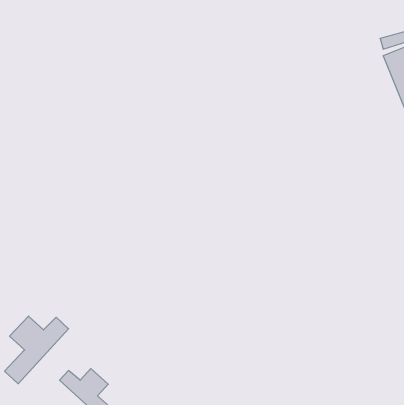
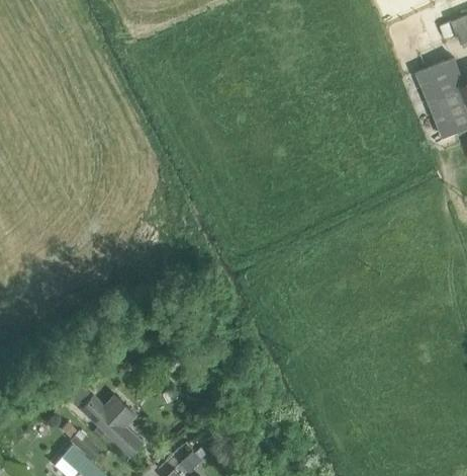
building: [5,316,69,384] -> none

